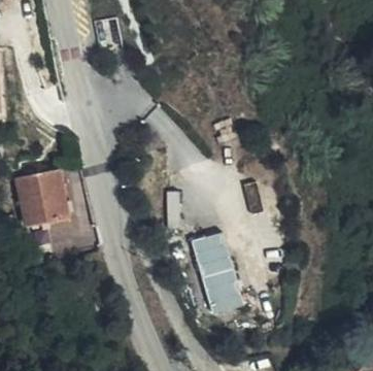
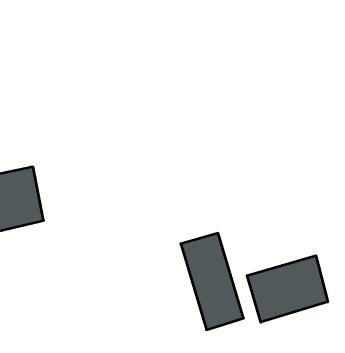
building: none -> [247,256,328,322]

